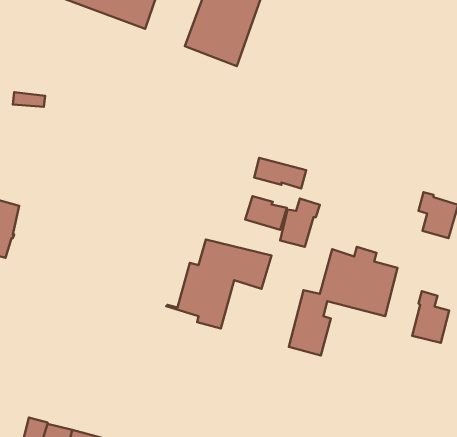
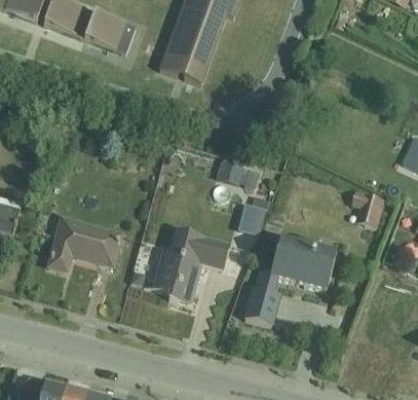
building: [245,196,287,230] -> none
building: none -> [48,216,122,270]
building: [412,291,449,343] -> none

